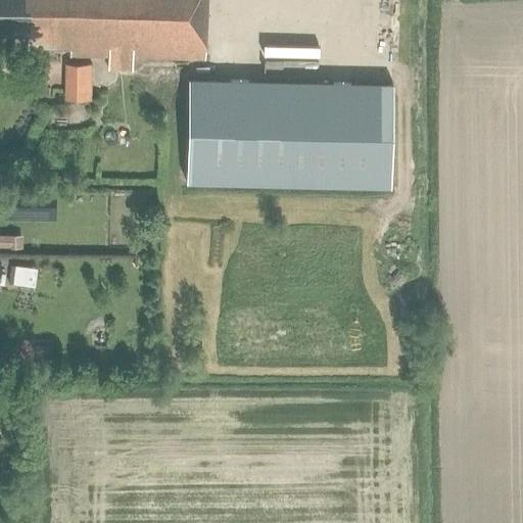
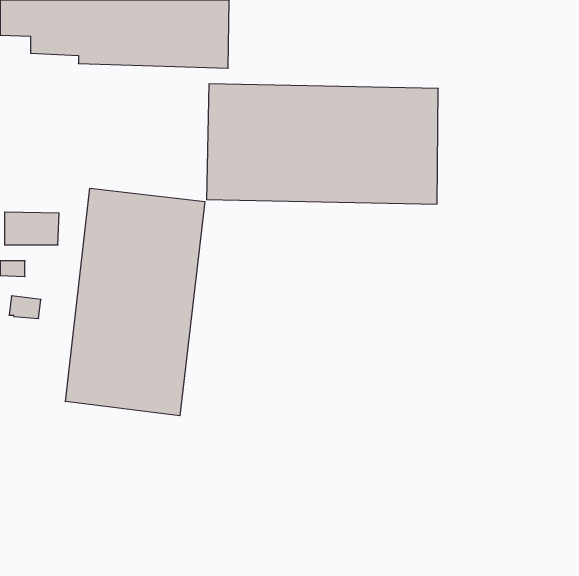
building: [66,66,93,103] -> none
building: none -> [65,188,205,416]

